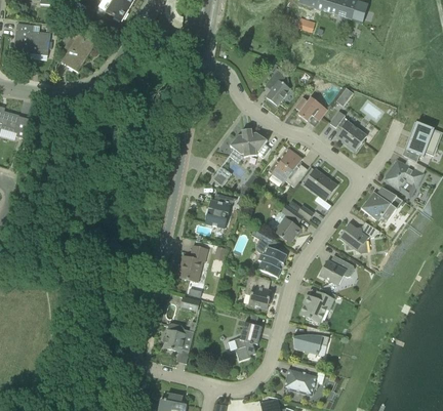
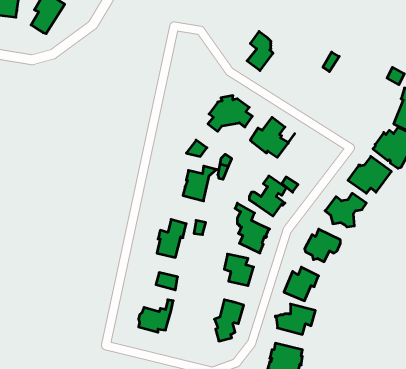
building: [295,96,327,120] -> none
building: [330,111,367,150] -> none
building: [304,168,337,200] -> none

